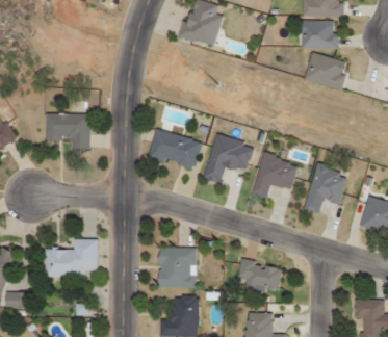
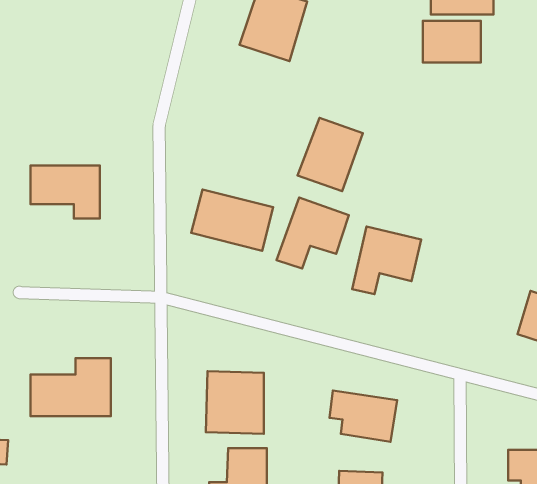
building: [304,53,347,90] -> none
building: none -> [298,118,363,191]
building: [305,164,347,213] -> none

